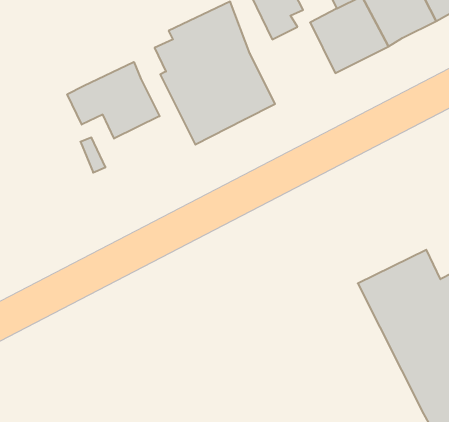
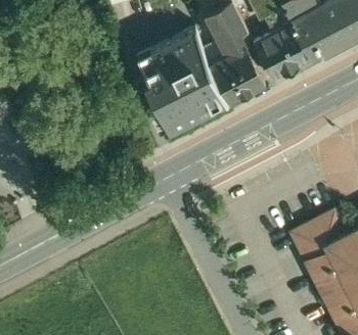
building: none -> [210,45,265,101]
building: [67,62,160,139] -> none

